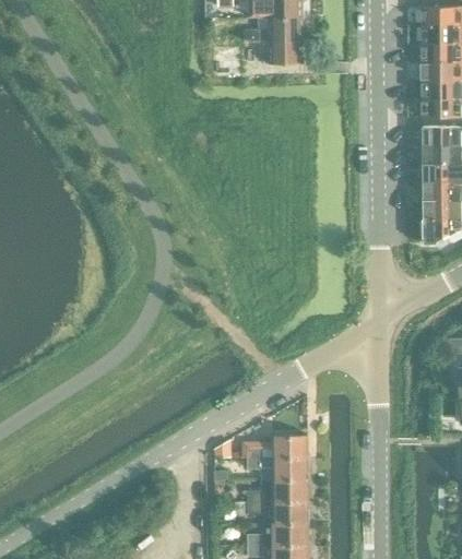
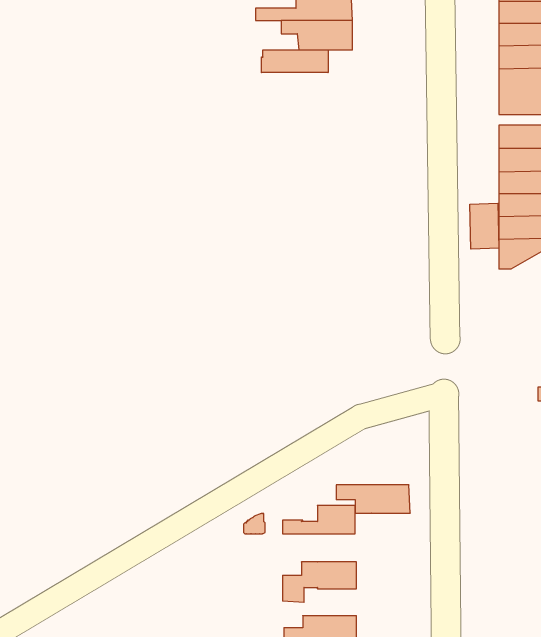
building: none -> [261,50,328,73]
building: none -> [470,203,499,249]
building: [247,457,307,480] -> [336,485,410,513]
building: [275,502,307,524] -> none

